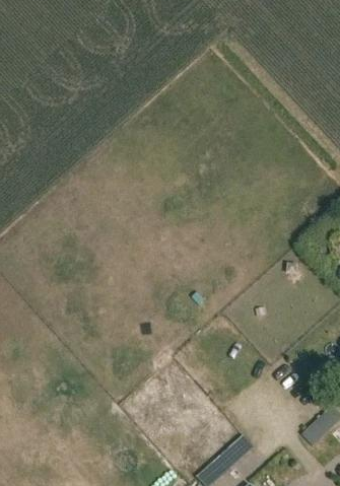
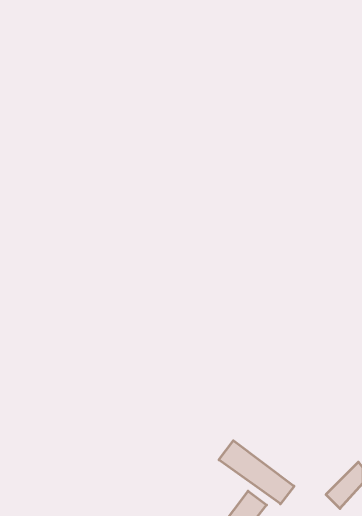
building: none -> [219,441,294,504]

